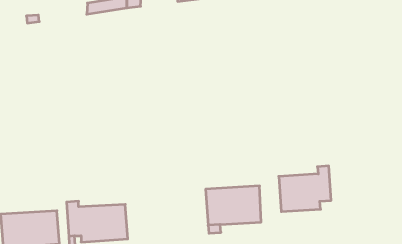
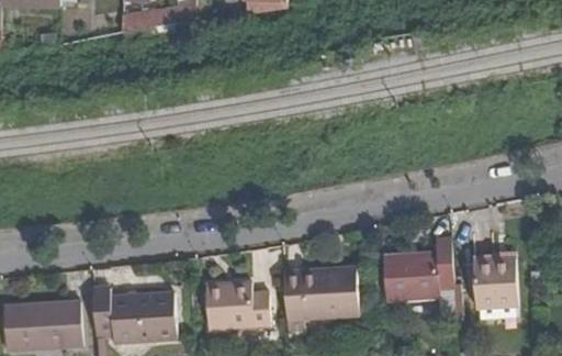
building: none -> [473,258,518,310]
building: none -> [206,281,271,330]

